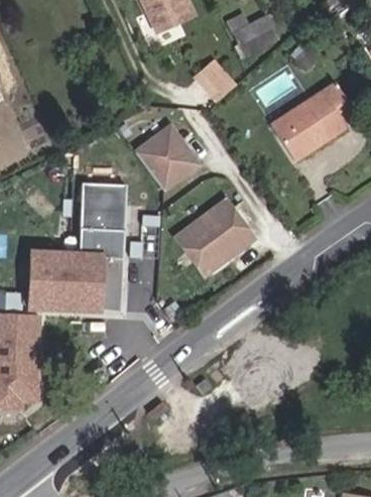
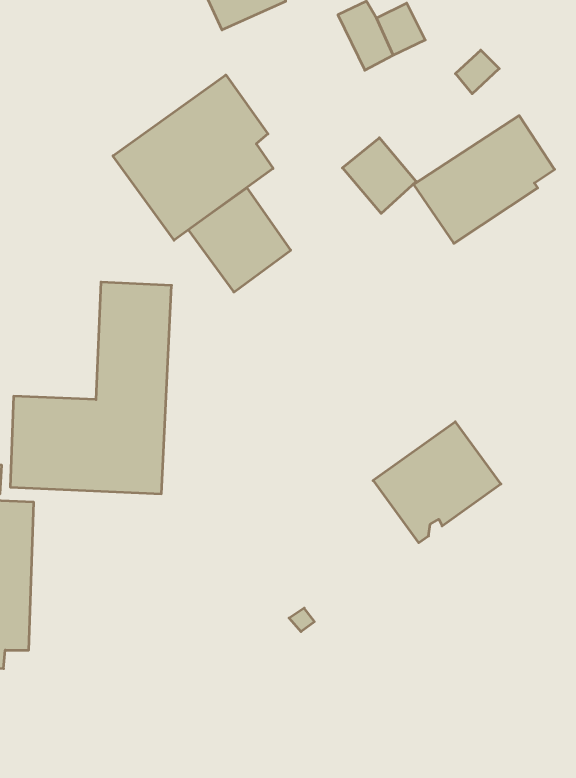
building: none -> [113,75,273,240]
building: [195,57,239,103] -> [342,138,416,213]
building: [174,201,251,273] -> [373,422,501,543]

